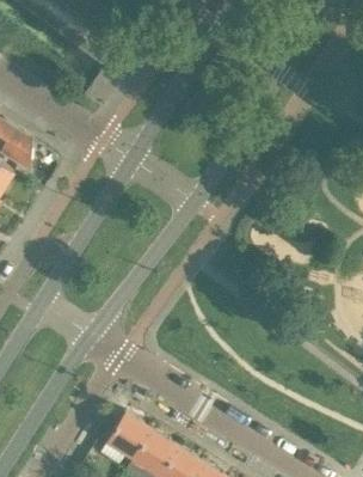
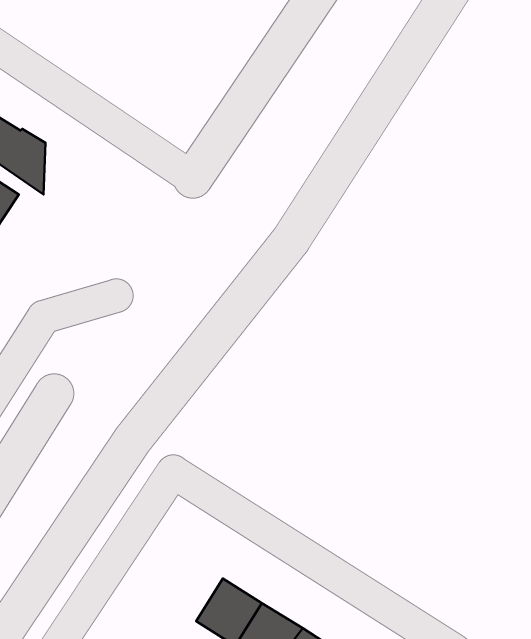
building: [105,414,150,459] -> none

